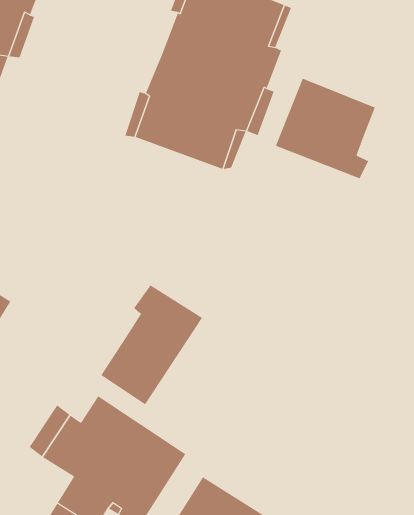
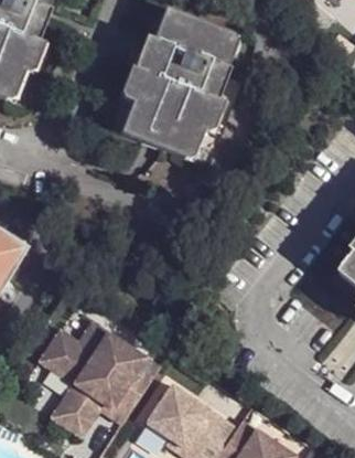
building: [275,78,376,179] -> none
building: [101,284,203,405] -> none

